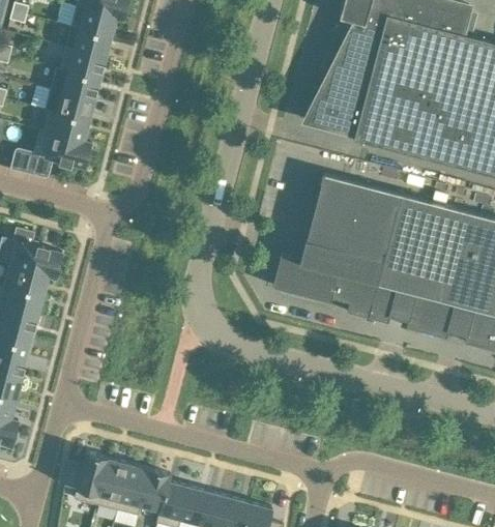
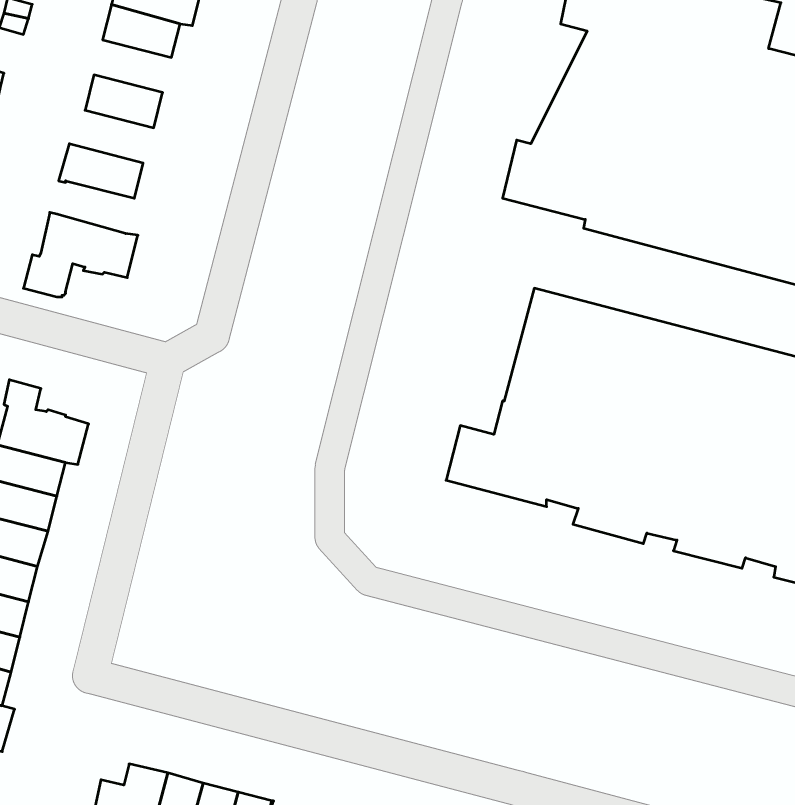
building: [65,29,111,60] -> none
building: [51,69,100,101] -> none
building: [43,112,89,143] -> none

